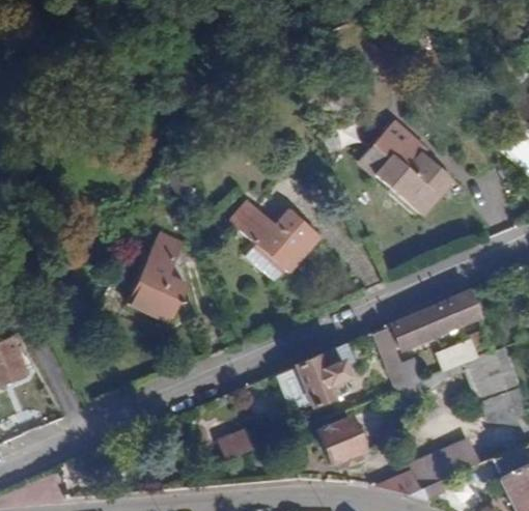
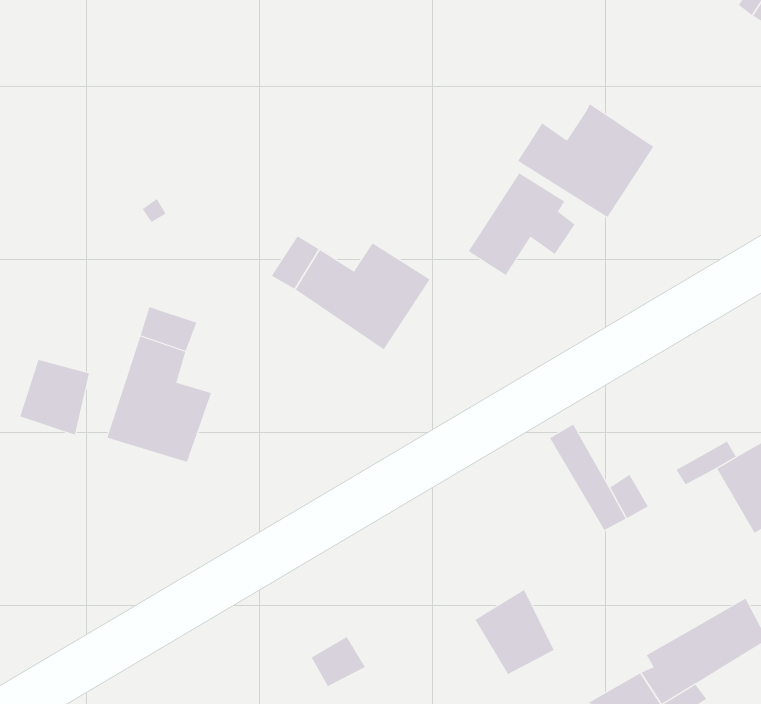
building: [357,118,419,175] -> [468,172,575,276]
building: none -> [20,359,90,435]
building: [394,291,483,350] -> none
building: [278,350,350,413] -> none

